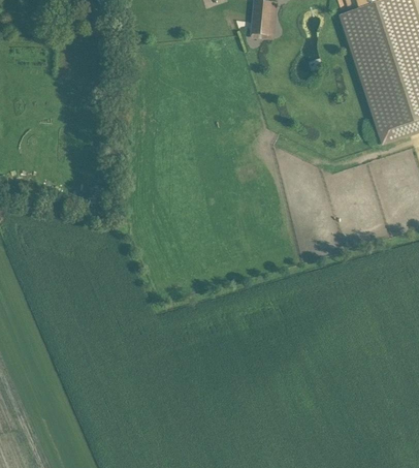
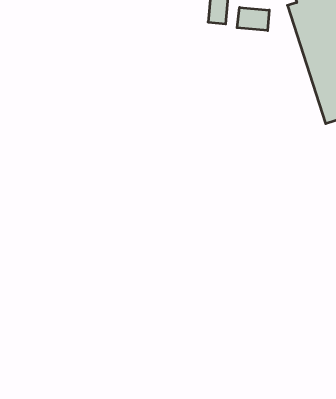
building: none -> [237,7,269,31]

